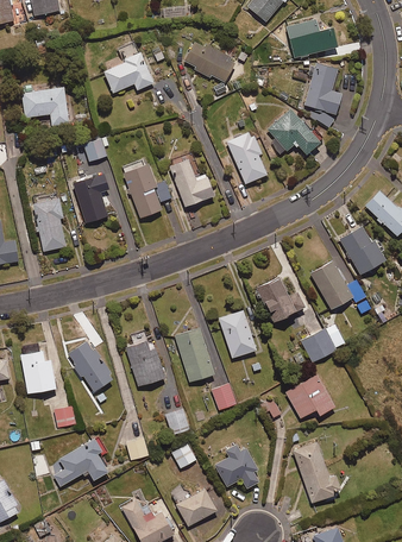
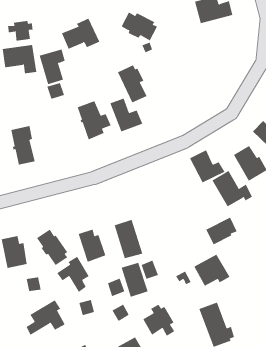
building: none -> [8,20,33,41]
building: [303,61,343,114] -> none
building: [266,106,321,155] -> none
building: [226,130,268,183] -> [117,64,147,103]
building: [73,172,109,222] -> [39,49,66,85]
building: [256,276,306,322] -> [189,149,225,183]
building: [219,310,257,359] -> [121,262,148,298]
building: none -> [57,256,90,293]

